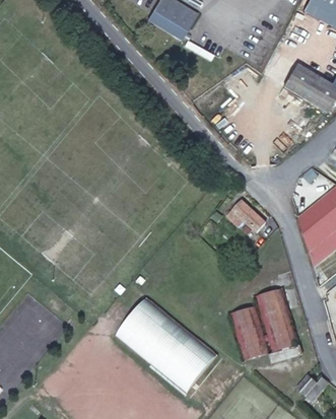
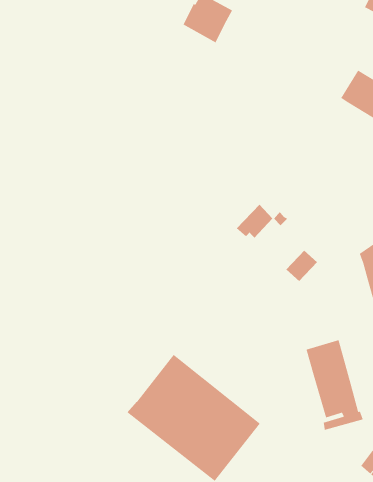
building: [222,198,253,226] -> [236,204,273,239]
building: [228,301,269,356] -> none

